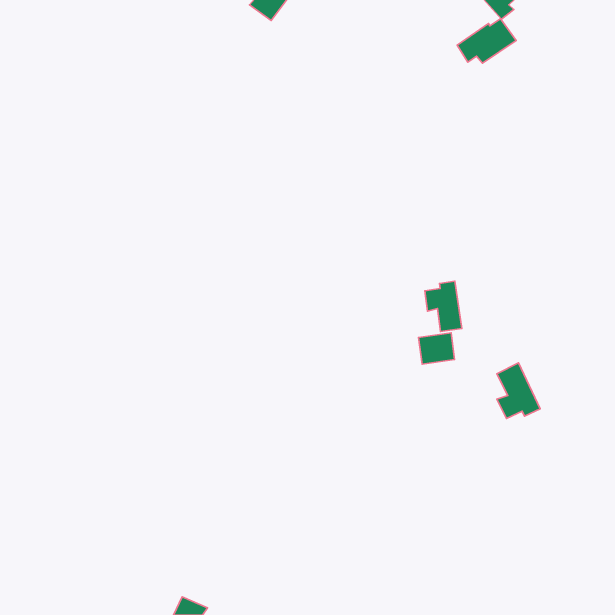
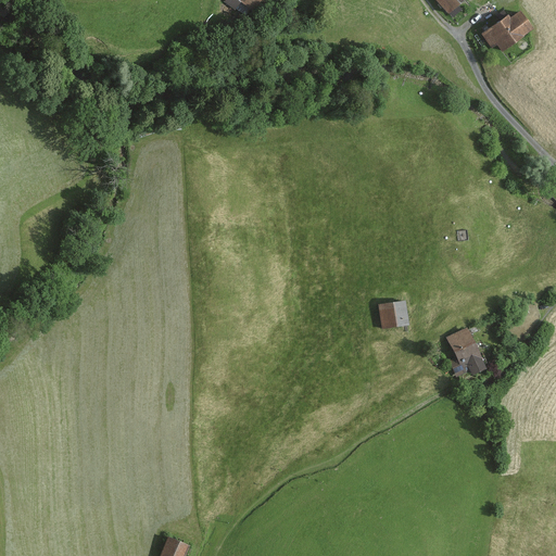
building: [457,19,516,63] -> [482,9,535,49]
building: [425,281,462,331] -> none

